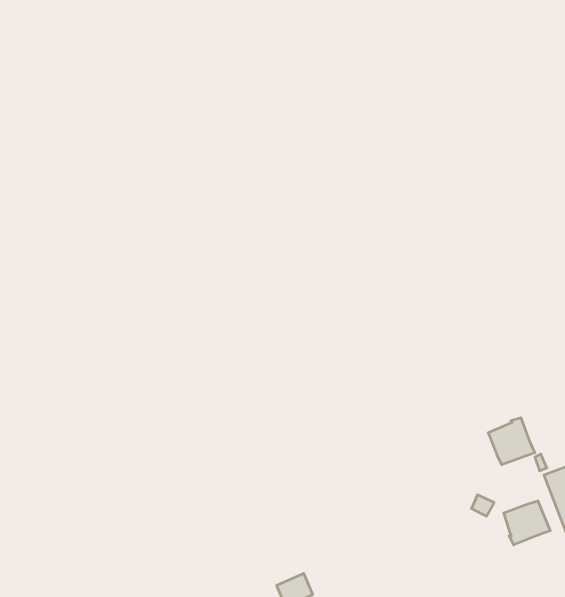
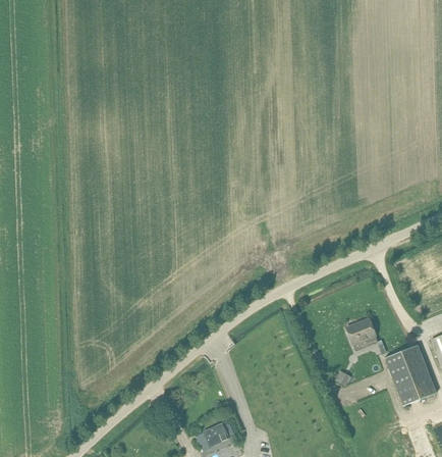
building: [504,501,550,545] -> none

